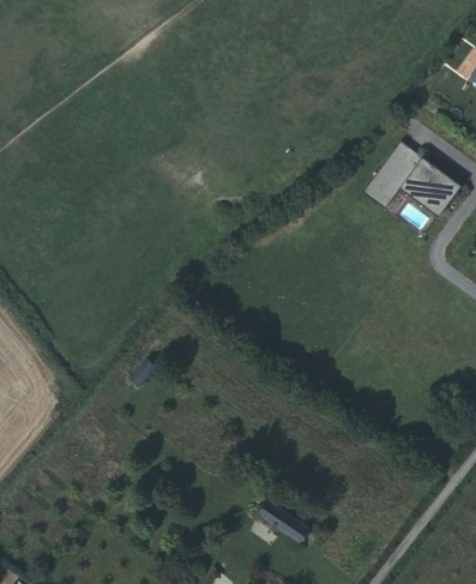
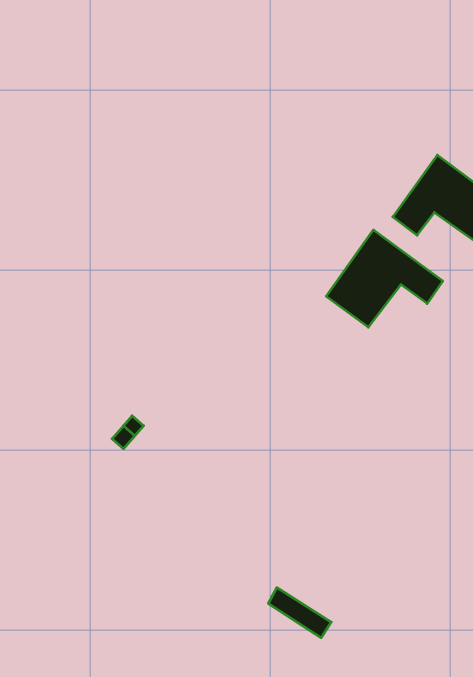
building: none -> [326,230,443,327]

